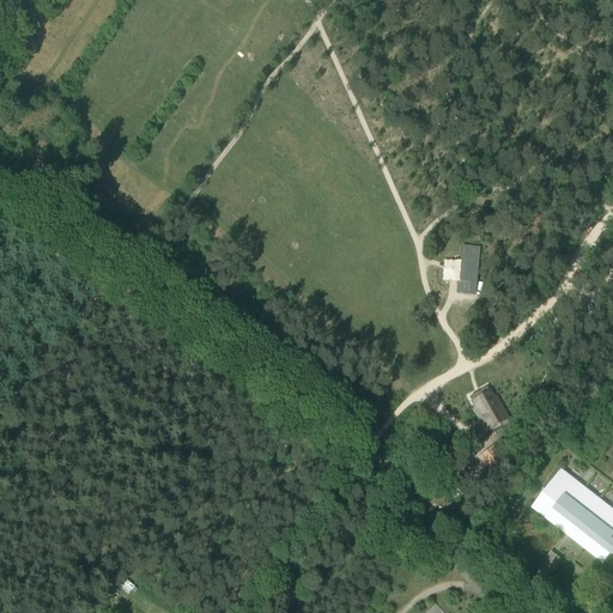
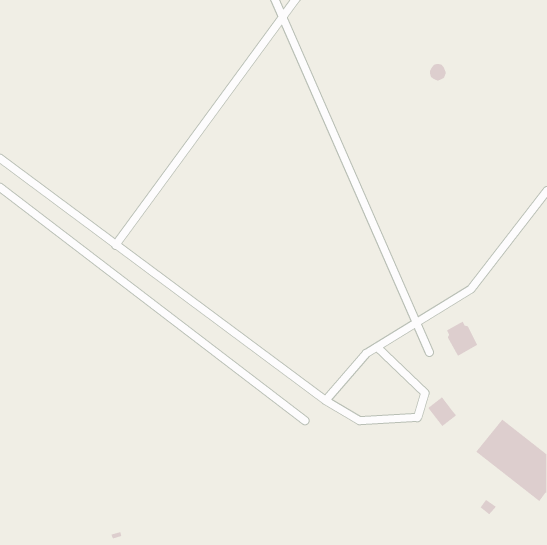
building: [456,243,480,292] -> none
building: [472,389,508,430] -> [446,321,478,357]

